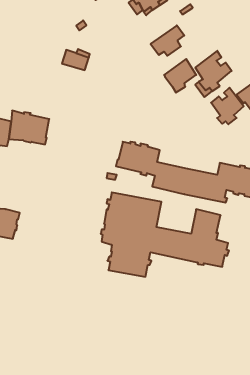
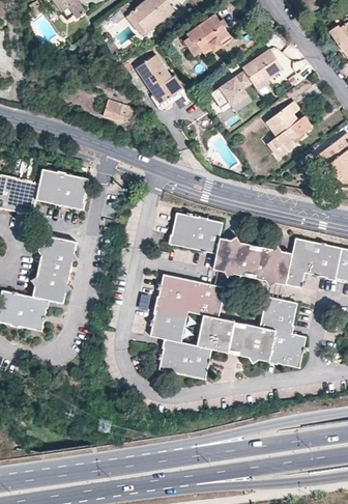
building: none -> [136,54,182,103]
building: [164,59,196,93] -> [242,48,282,89]
building: [211,88,244,124] -> none
building: none -> [33,235,77,303]

